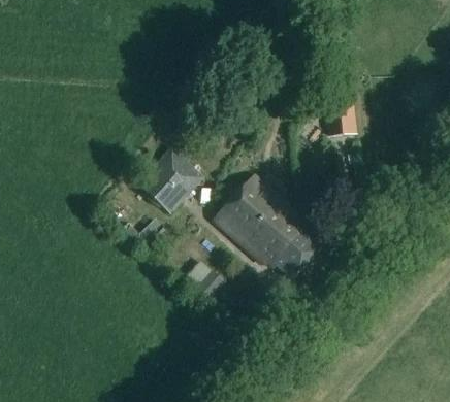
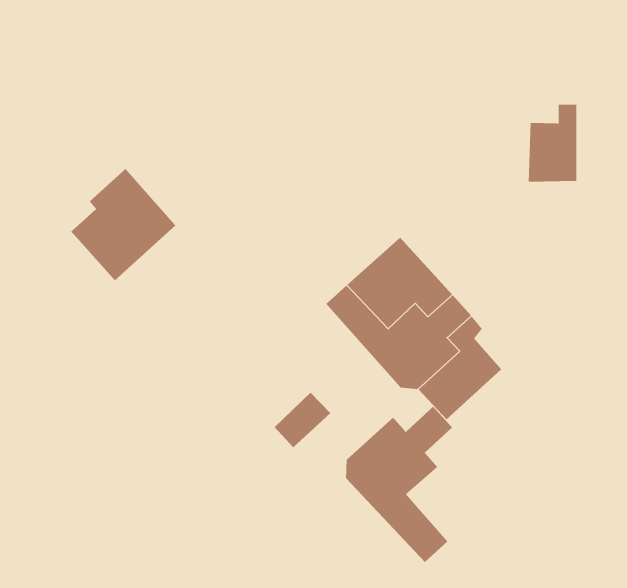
building: [140,145,202,212] -> [70,168,176,281]
building: none -> [346,406,453,563]

